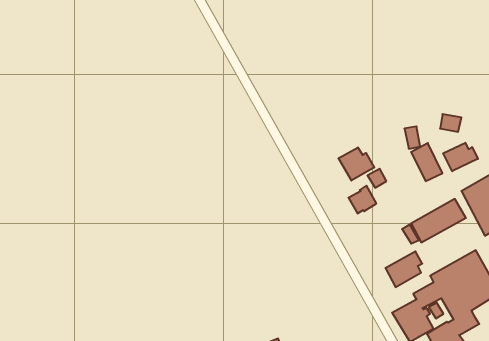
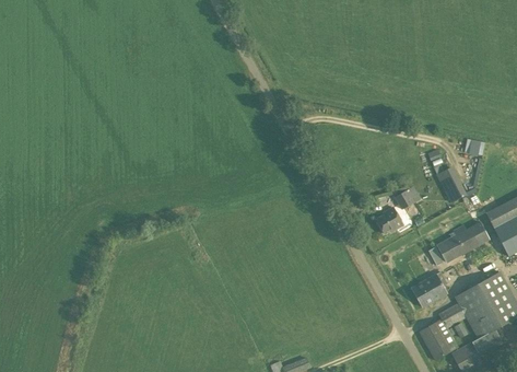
building: [443,143,478,171] -> none
building: [338,147,374,181] -> none

